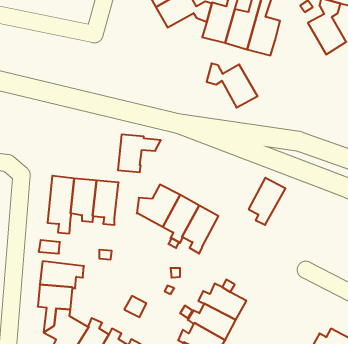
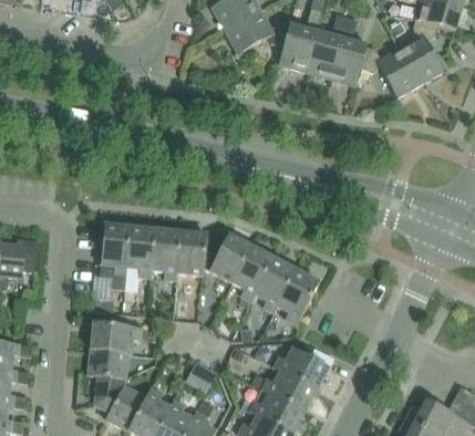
building: [207,63,258,108] -> [361,46,420,97]
building: [118,134,161,172] -> [176,231,226,274]
building: [249,178,285,225] -> [277,270,319,324]

